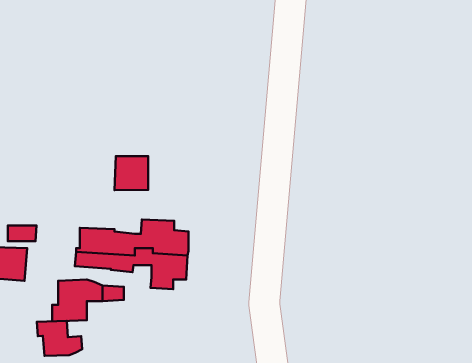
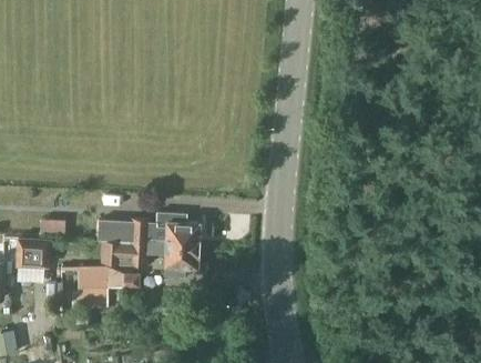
building: [115,156,148,190] -> none
building: [37,321,82,356] -> none

